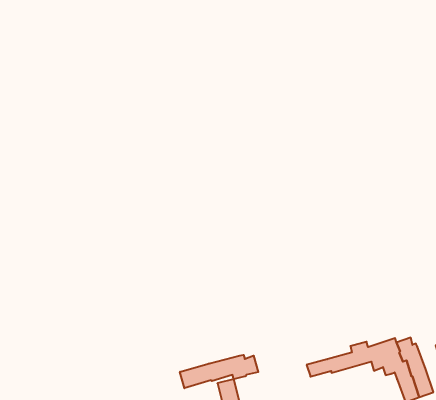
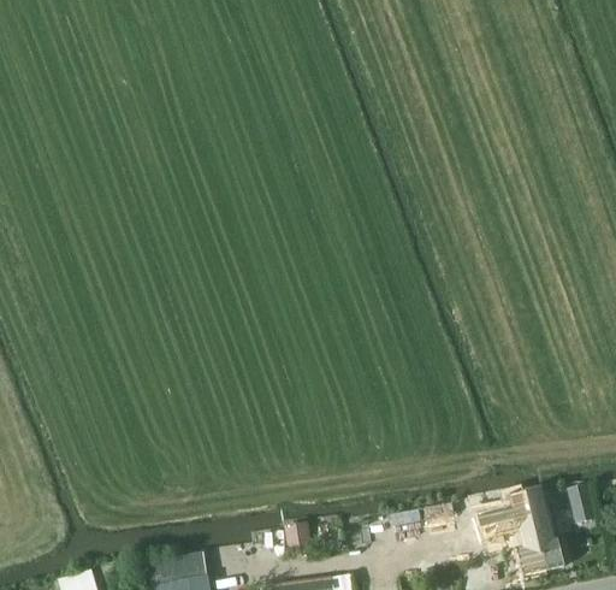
building: [180,355,258,388] -> none

